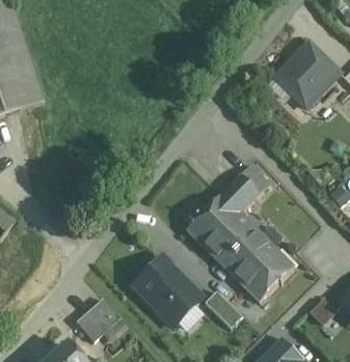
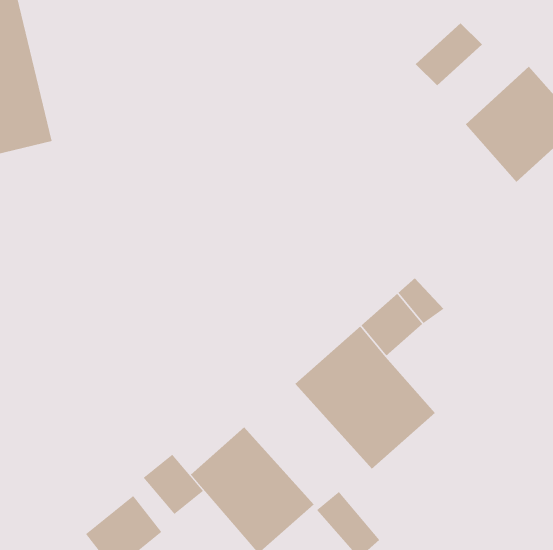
building: none -> [415,22,483,86]
building: [235,240,294,299] -> none
building: none -> [143,454,204,515]

